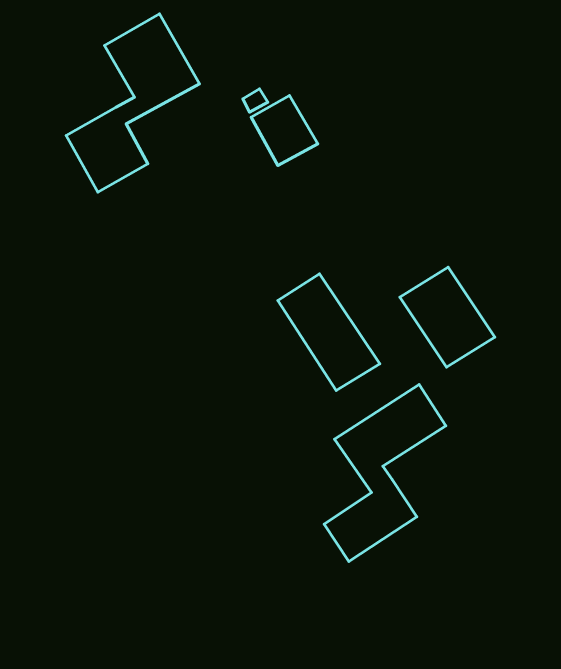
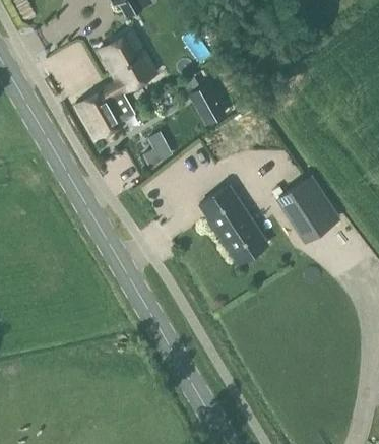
building: none -> [144,130,174,166]
building: [324,384,446,561] -> none

